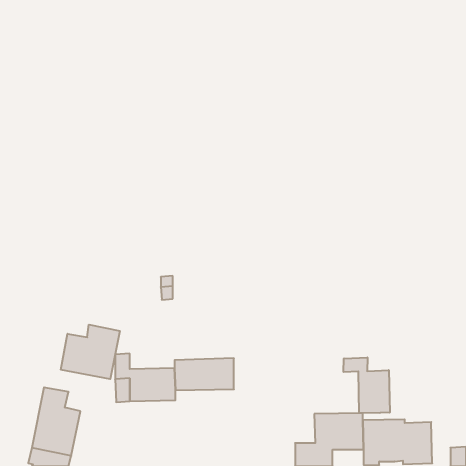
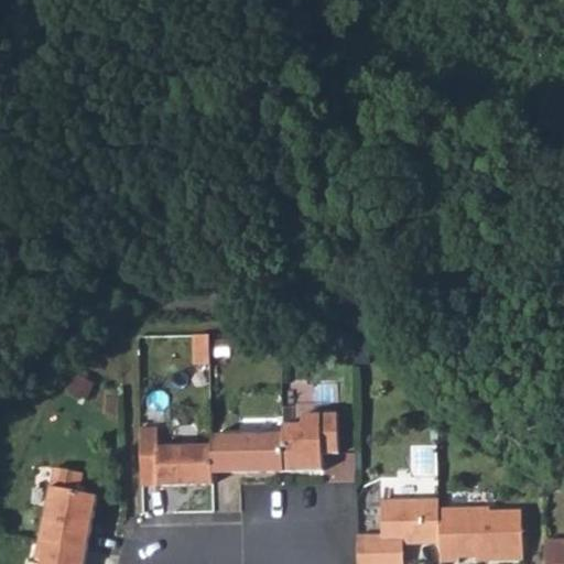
building: [61,325,120,379] -> none
building: none -> [281,412,337,469]
building: [344,357,390,413] -> none

